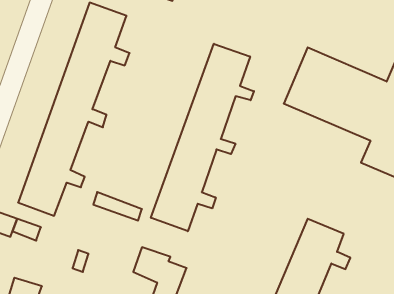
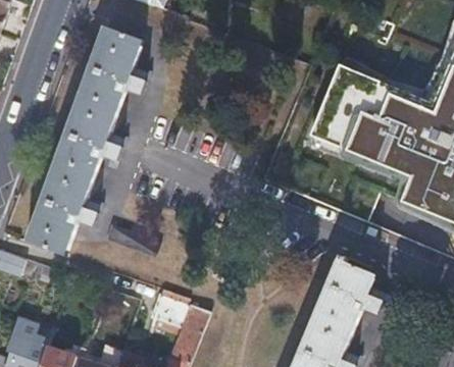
building: [151,44,254,231] -> none

